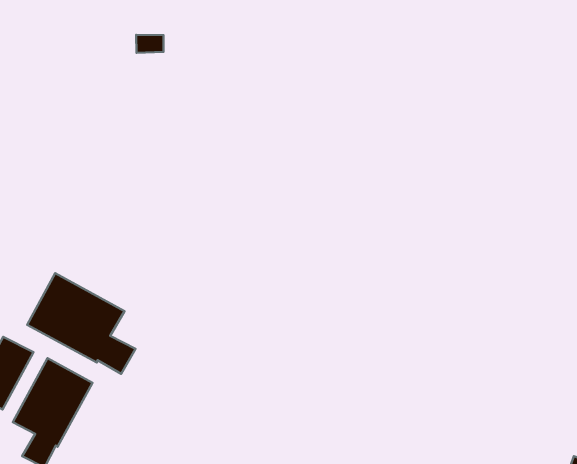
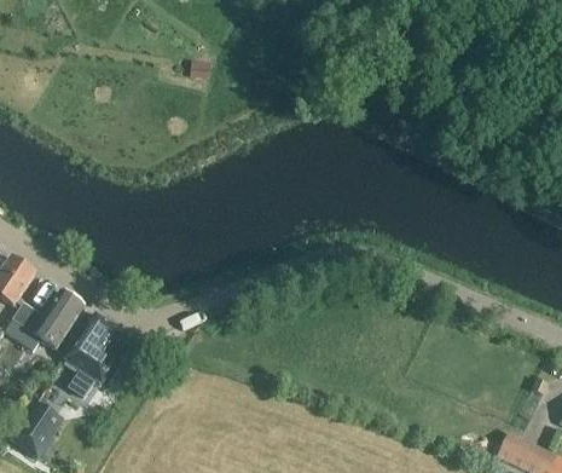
building: [27,273,135,374] -> none

